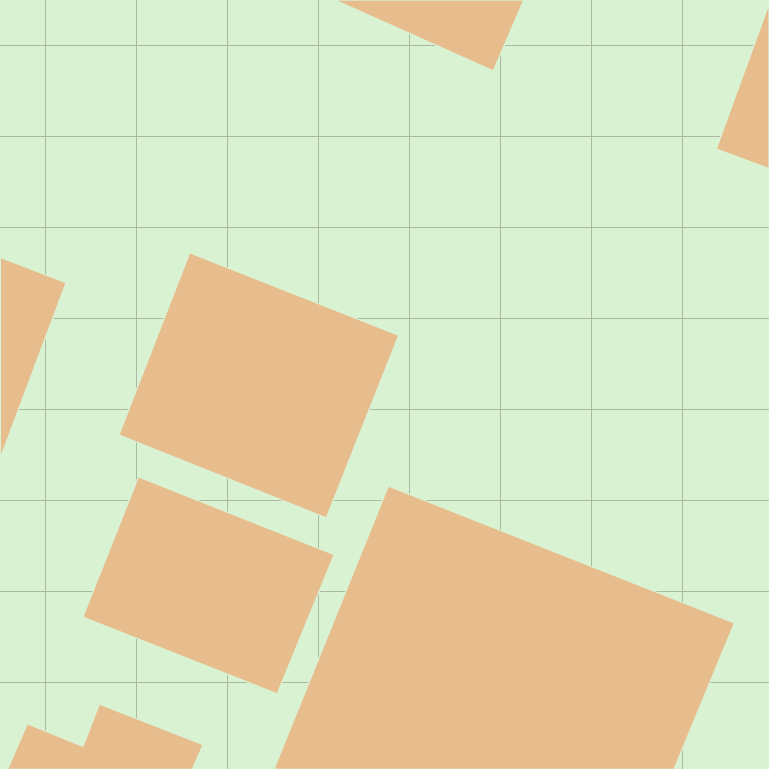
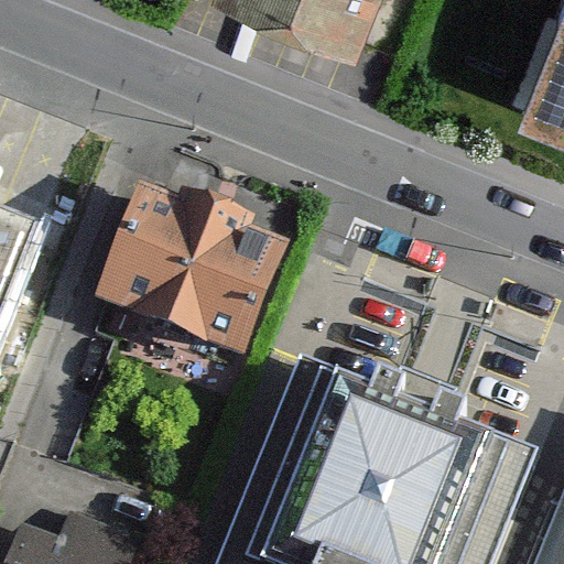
building: [83,477,334,694] -> none

